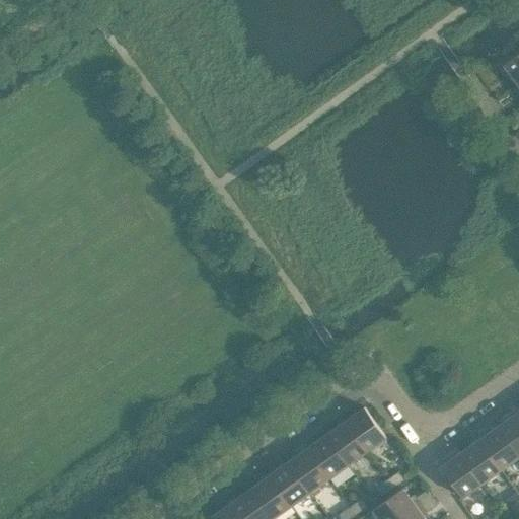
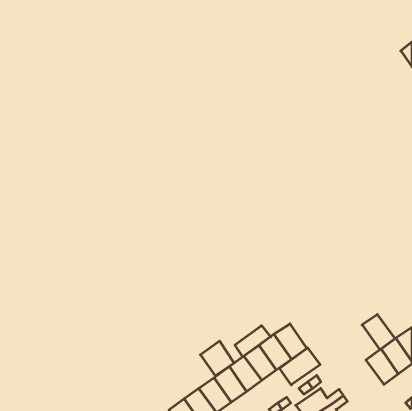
building: none -> [235,326,271,357]
building: none -> [200,341,234,376]
building: none -> [279,348,320,385]
building: [440,454,481,499] -> [362,314,395,350]

